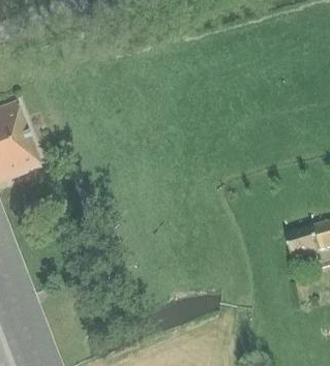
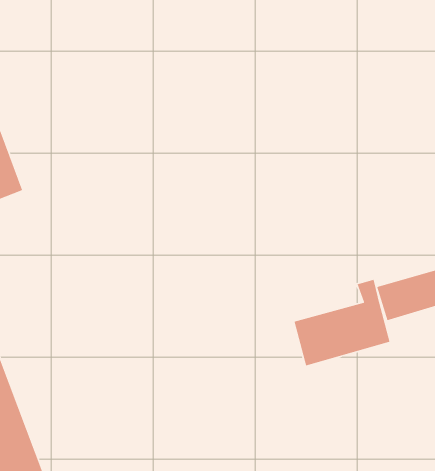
building: none -> [293,279,391,366]

